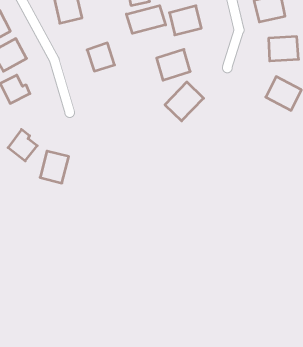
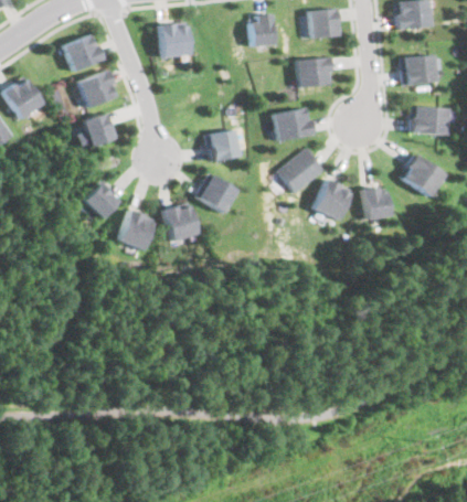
building: [126,6,166,33] -> none
building: [87,43,115,71] -> [209,129,240,161]
building: none -> [315,179,353,221]
building: none -> [363,186,391,220]
building: none -> [197,173,238,213]
building: none -> [162,202,199,242]

